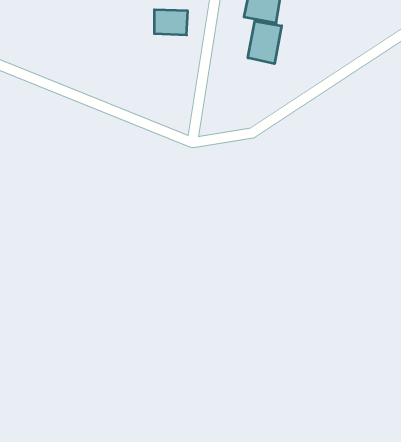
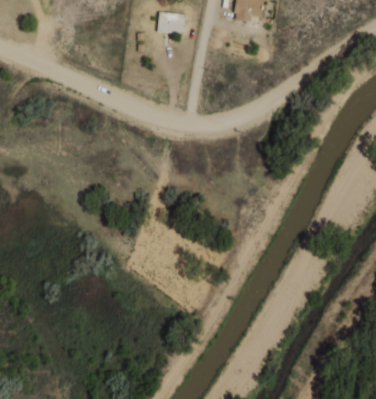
building: [248,21,282,64] -> none

